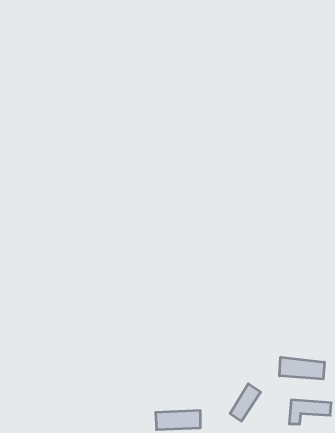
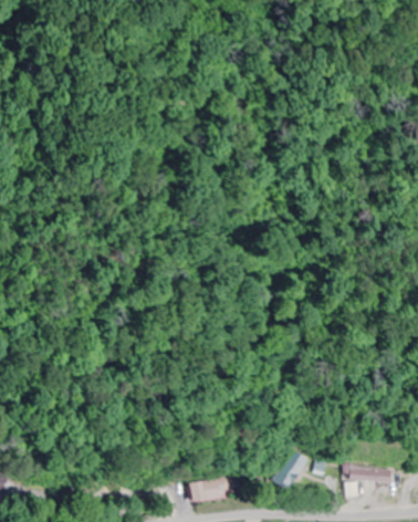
building: [280,357,324,379] -> none

